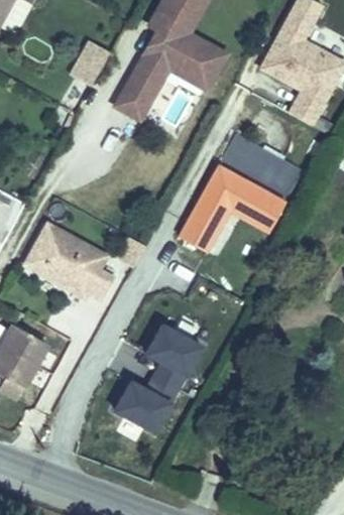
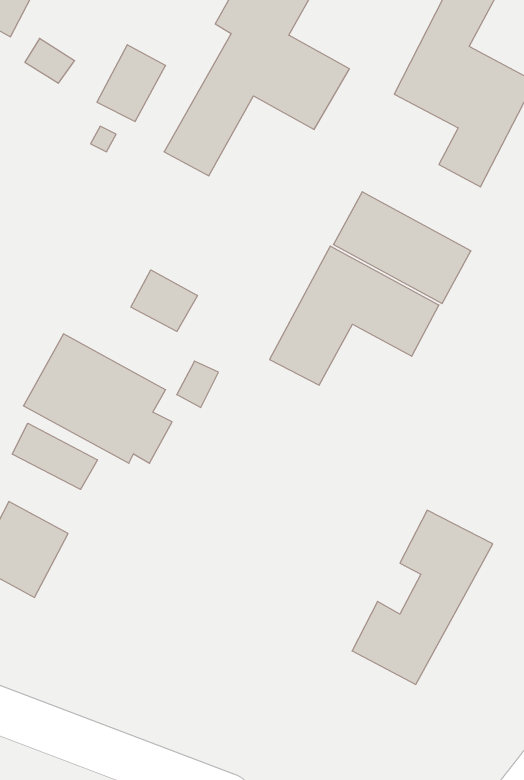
building: none -> [131,270,197,331]
building: none -> [12,423,97,489]
building: [113,324,202,433] -> [352,510,493,684]

